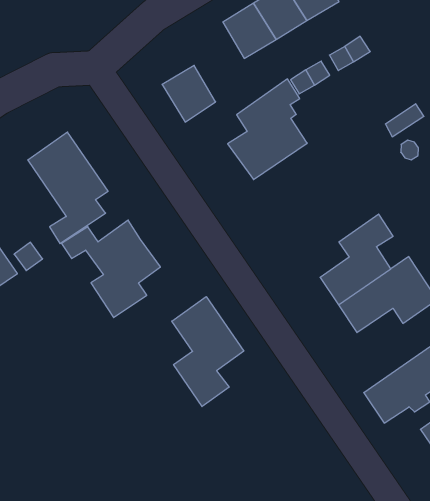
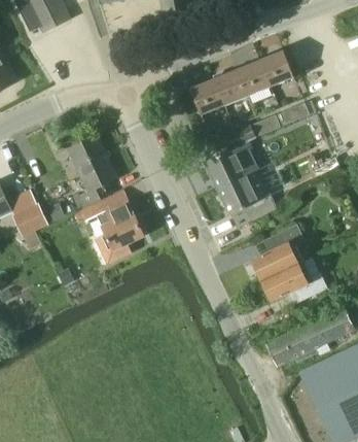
building: [162,65,216,122] -> [189,78,223,115]
building: none -> [216,169,275,223]
building: [172,297,244,407] -> none

